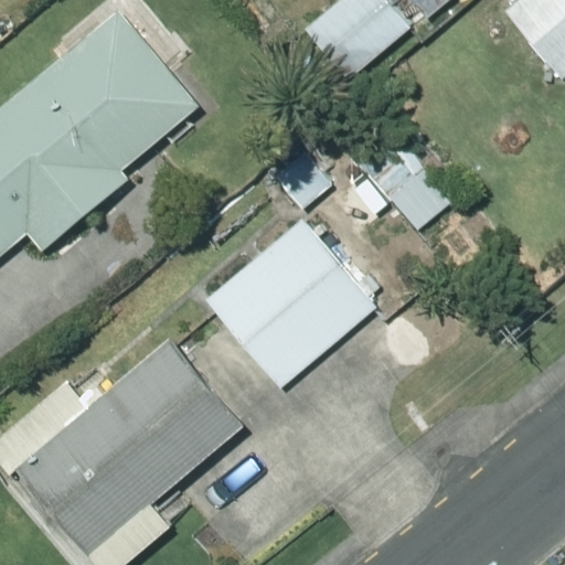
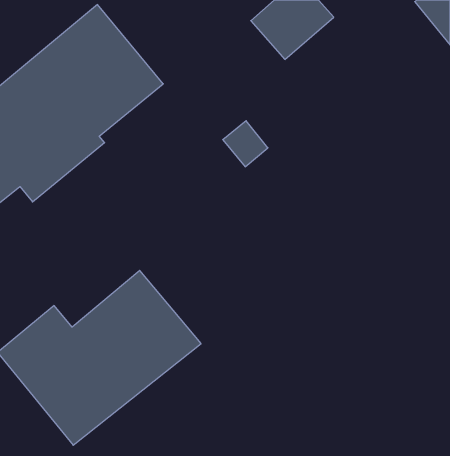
building: [205,222,375,390] -> none

